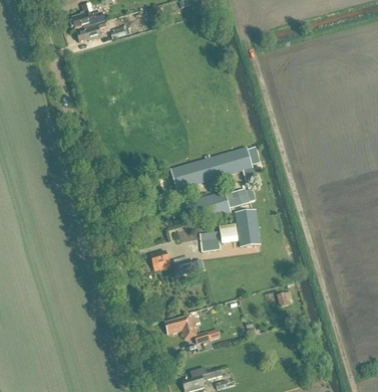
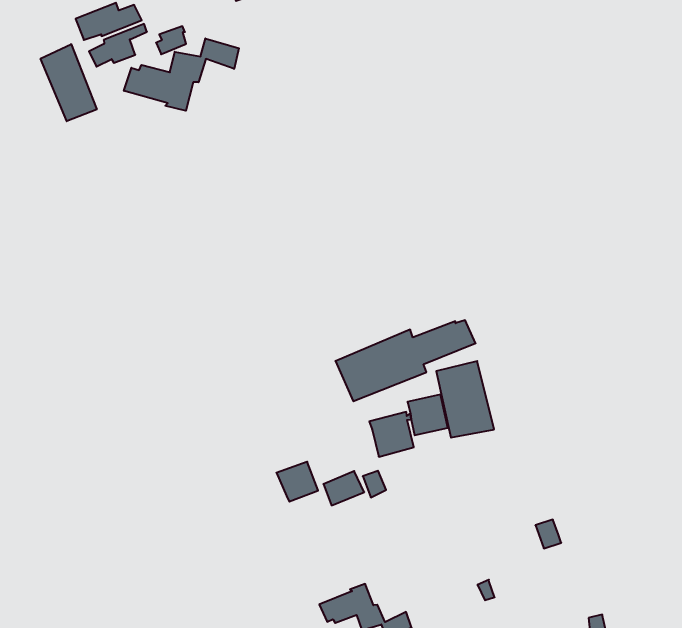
building: none -> [41,44,97,121]
building: none -> [124,38,239,111]
building: [169,147,260,190] -> none

